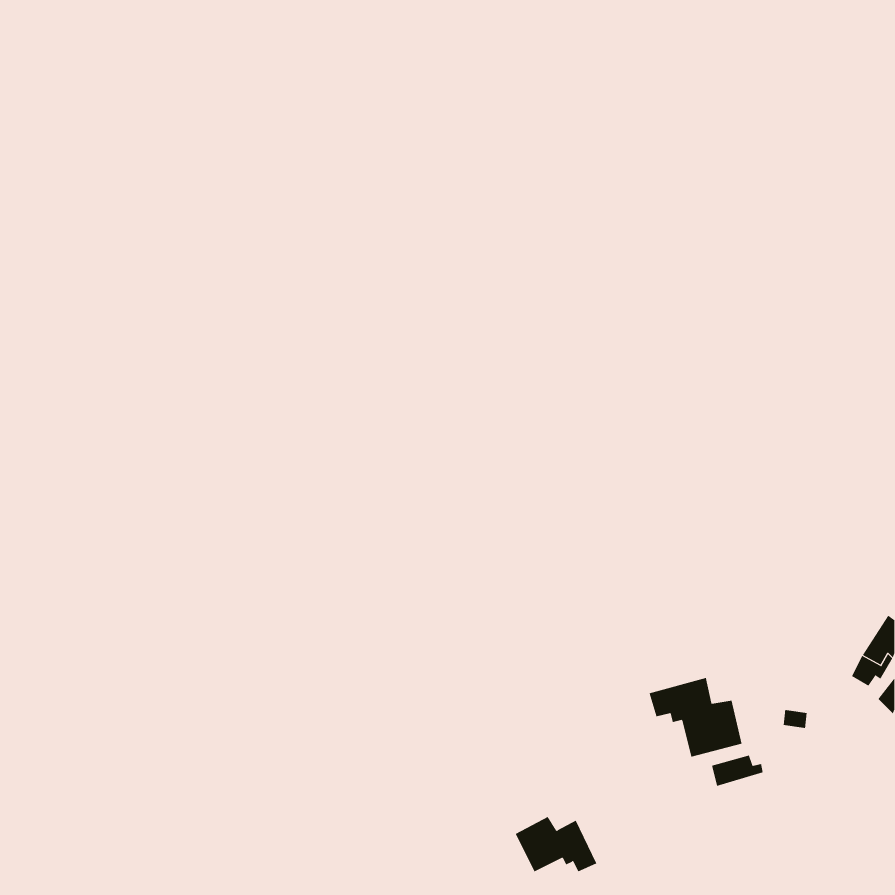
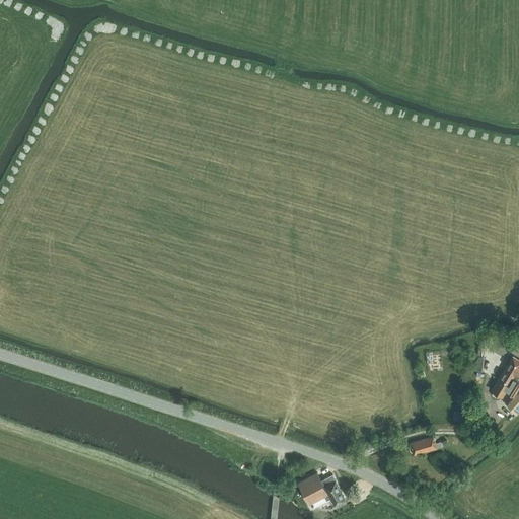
building: [649,677,742,757] -> none

